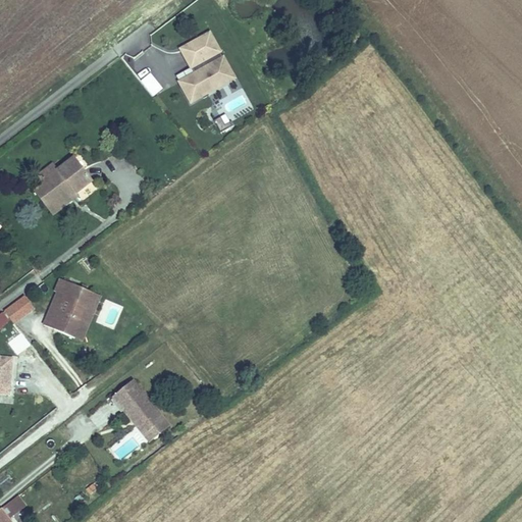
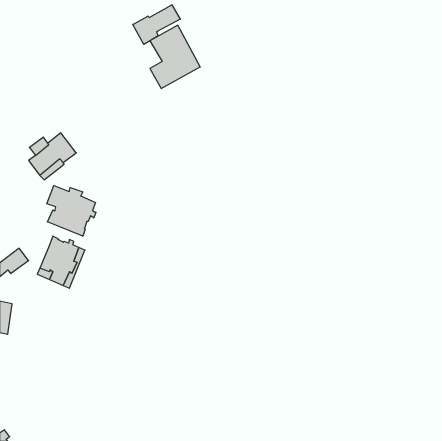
building: none -> [133,5,180,44]
building: none -> [47,186,96,236]
building: [112,379,170,443] -> none

